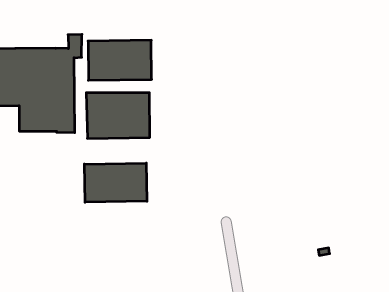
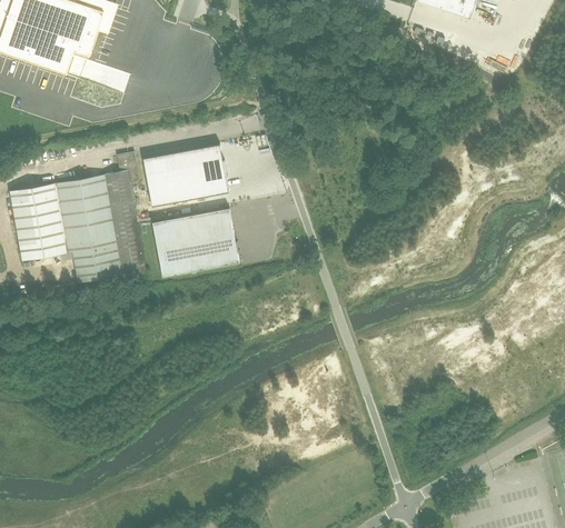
building: [84,163,147,202] -> none

